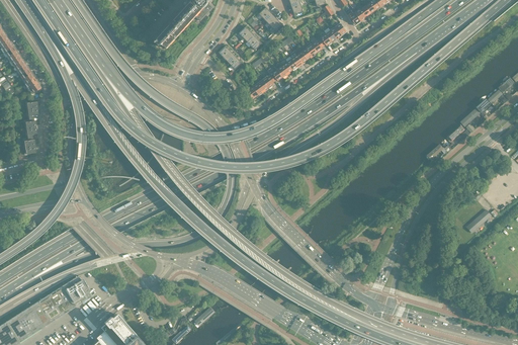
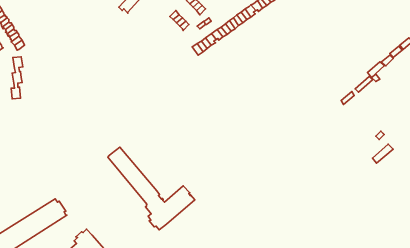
building: none -> [108,147,195,230]

